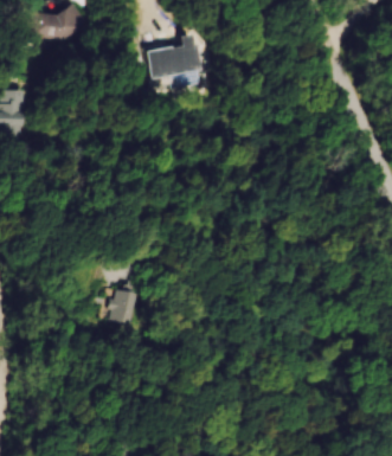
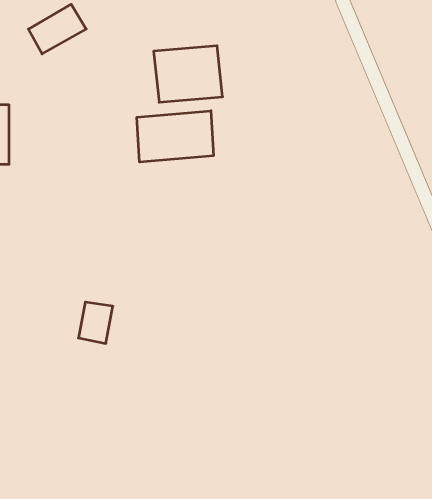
building: none -> [137,111,213,162]
building: [113,289,142,325] -> [78,302,113,343]

